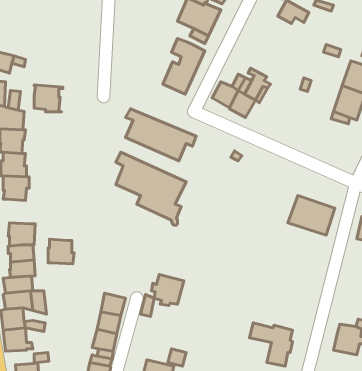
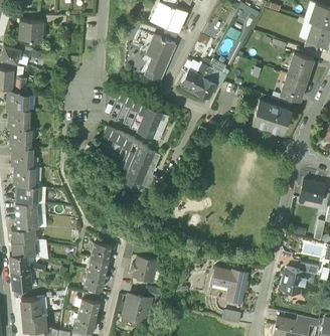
building: [34,85,63,112] -> [20,18,43,40]
building: [288,196,335,235] -> [253,100,291,132]
building: [48,239,74,264] -> [14,165,35,185]
building: [152,275,184,306] -> [132,258,158,283]

